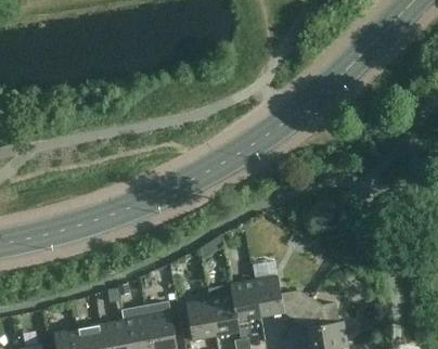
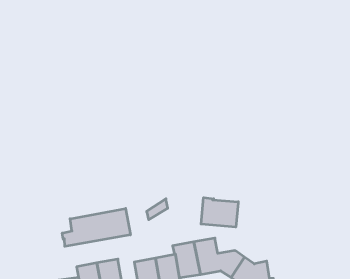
building: none -> [201,198,238,227]
building: none -> [62,208,130,246]

